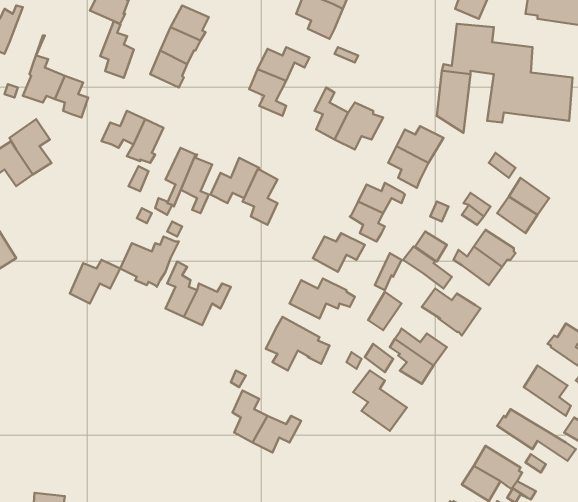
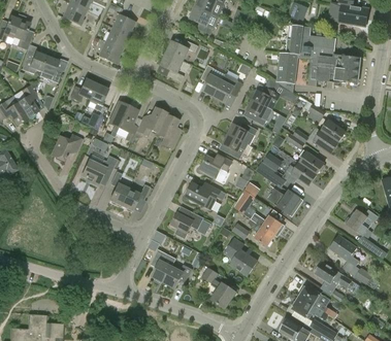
building: [100,21,134,78] -> [13,14,34,49]
building: [70,260,120,304] -> [52,134,83,161]
building: none -> [202,267,236,308]

